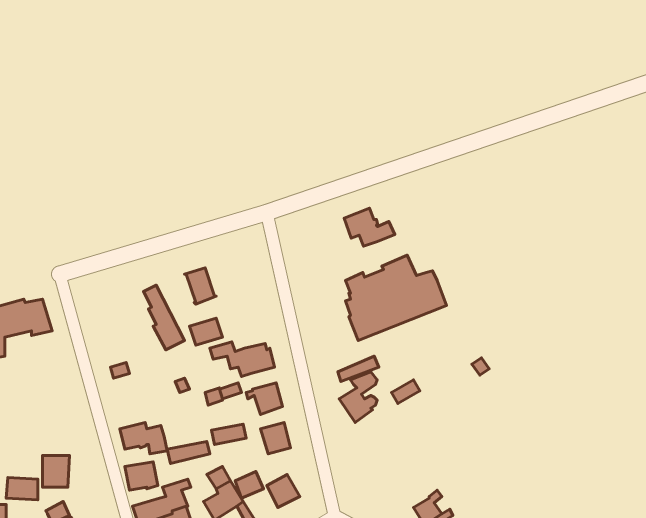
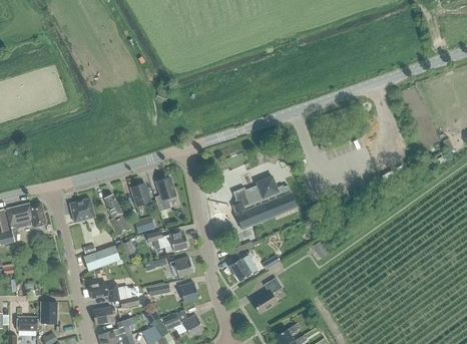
building: [344,208,395,246] -> none
building: none -> [154,177,175,211]
building: none -> [69,196,94,222]
building: none -> [83,245,119,271]
building: none -> [252,277,282,314]

